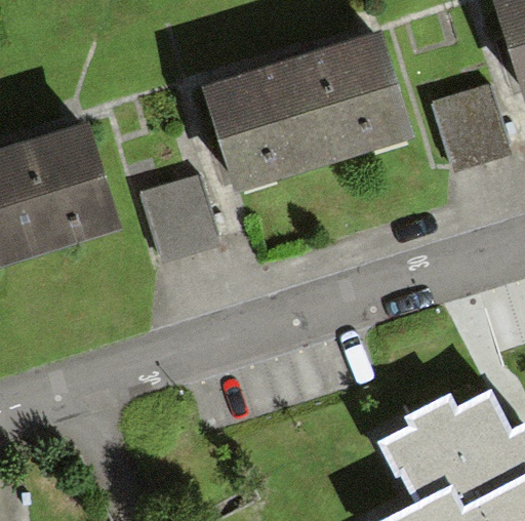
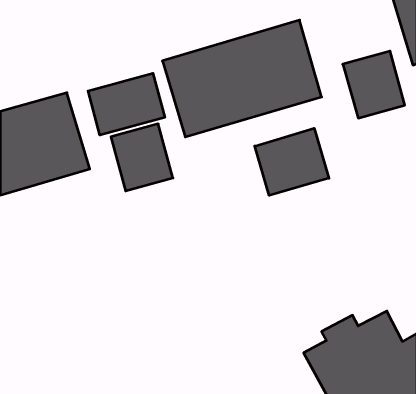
building: none -> [88,73,165,135]
building: none -> [255,128,329,195]

